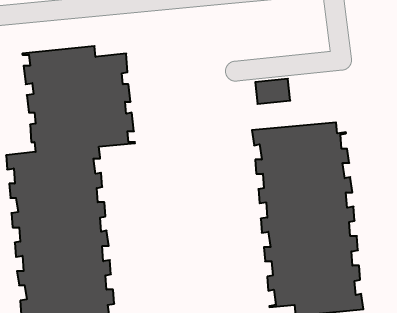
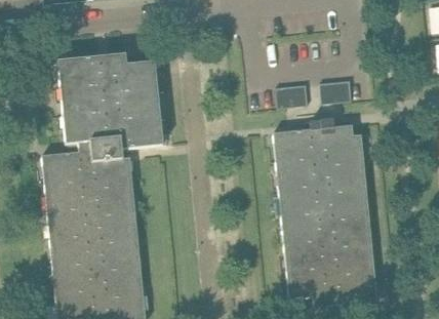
building: none -> [319,79,352,103]

